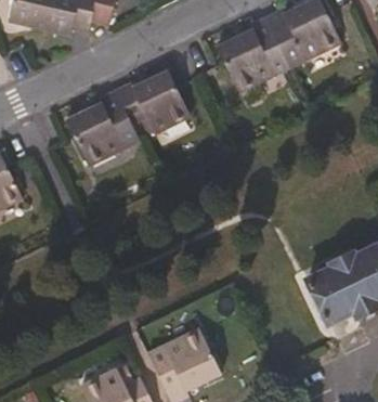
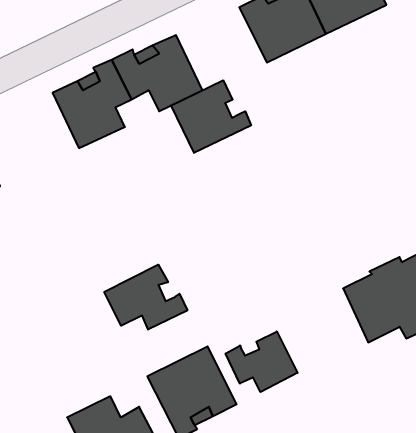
building: none -> [171,80,251,153]
building: none -> [104,265,187,330]
building: none -> [226,331,298,392]

